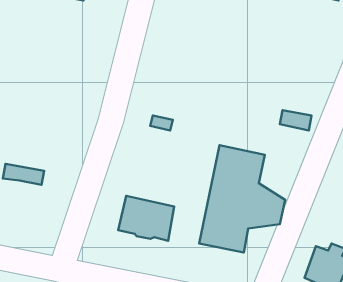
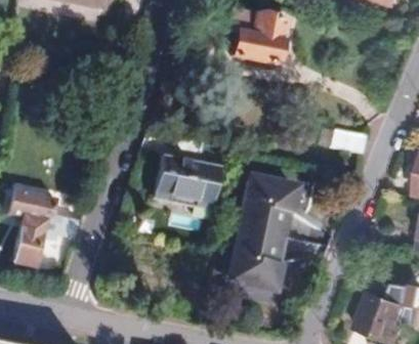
building: none -> [232,7,290,64]
building: none -> [10,213,80,270]
building: [118,196,174,241] -> [155,156,220,208]

